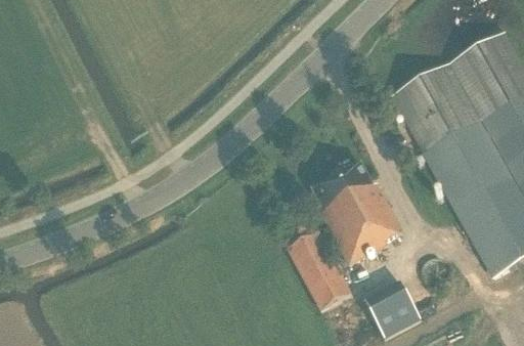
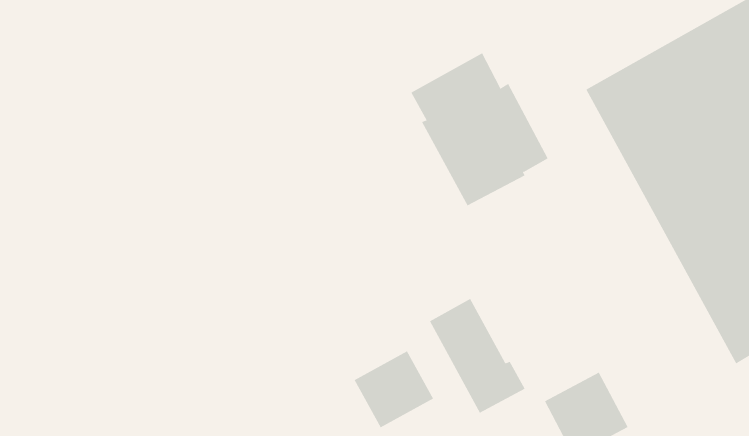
building: [311,162,403,264] -> [410,53,548,206]
building: none -> [354,350,434,428]

